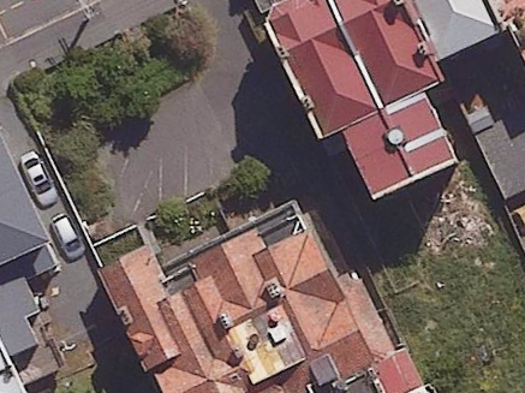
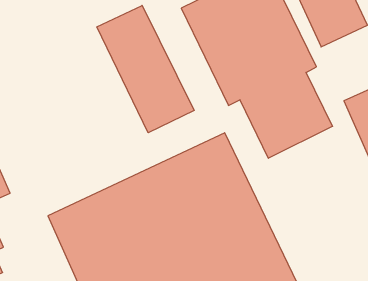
building: none -> [97,5,194,133]

